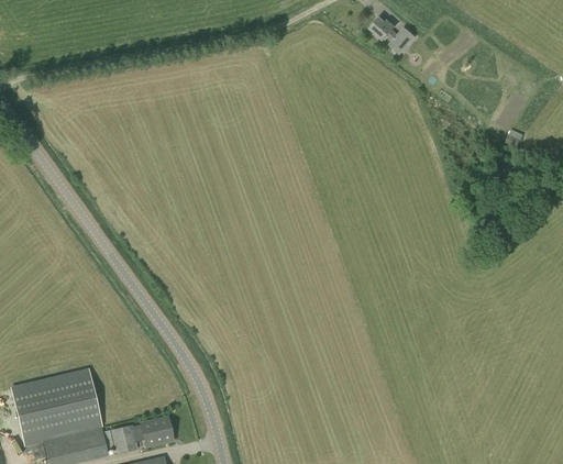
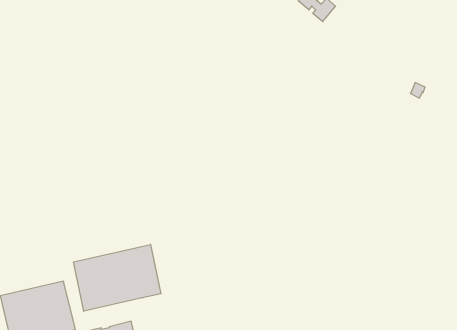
building: none -> [74,244,161,311]

